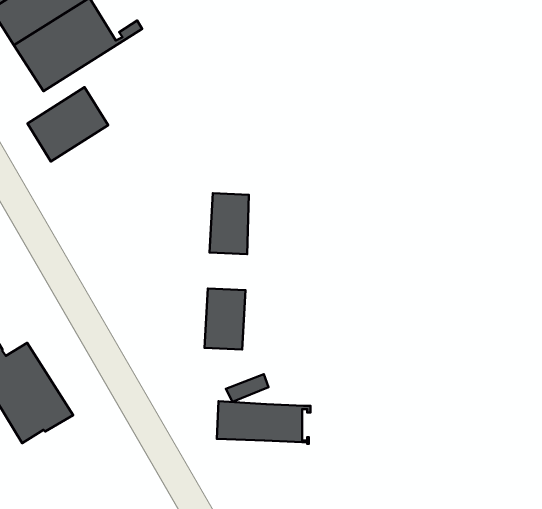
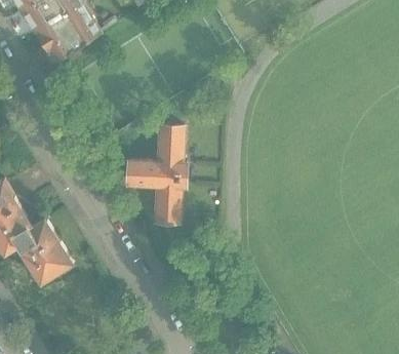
building: [27,87,108,161] -> none
building: [217,401,310,444] -> [127,161,186,188]

